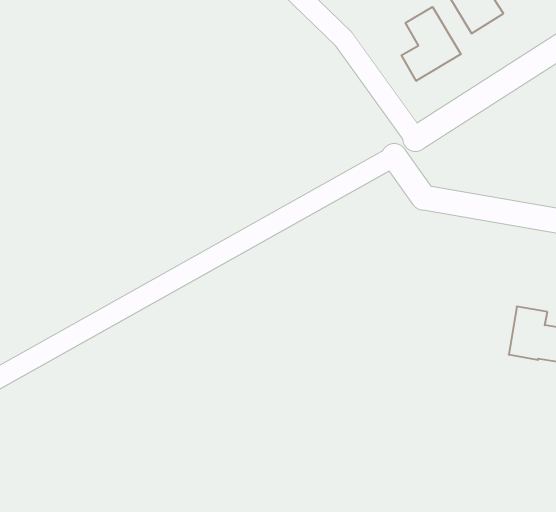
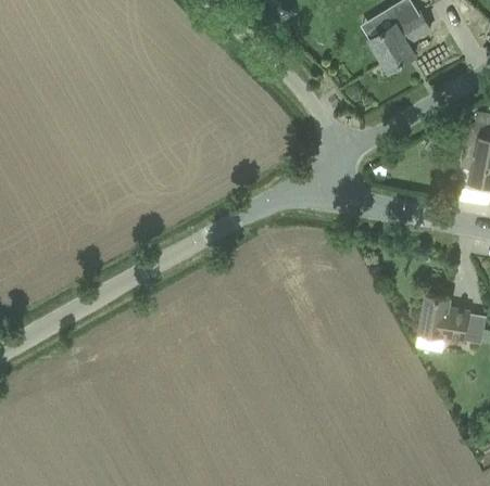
building: [402,7,461,81] -> none

